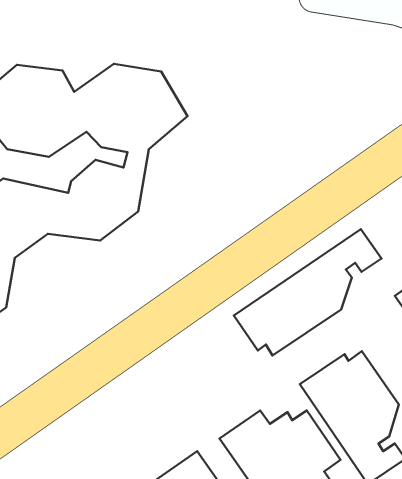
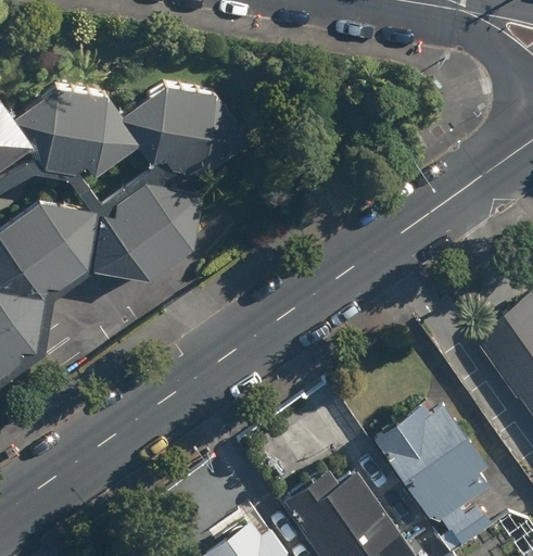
building: [234,229,381,356] -> none

